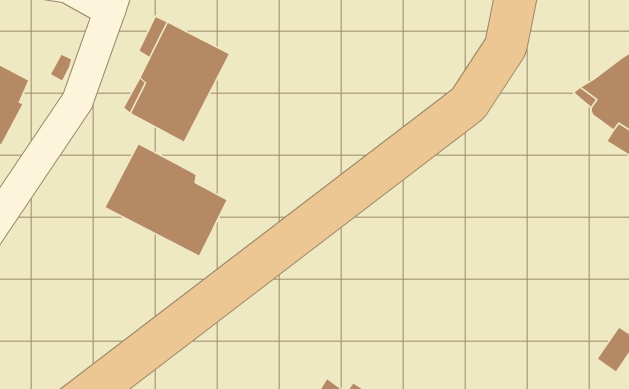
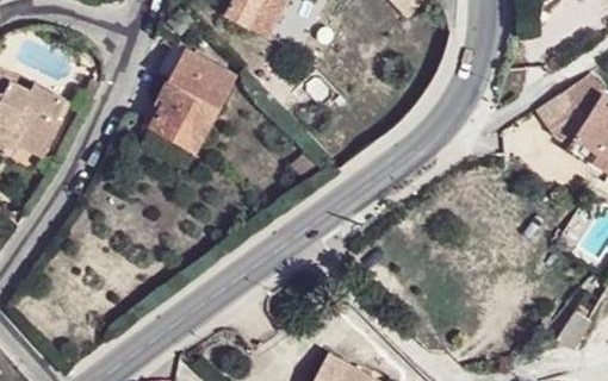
building: [105,143,228,257] -> none

